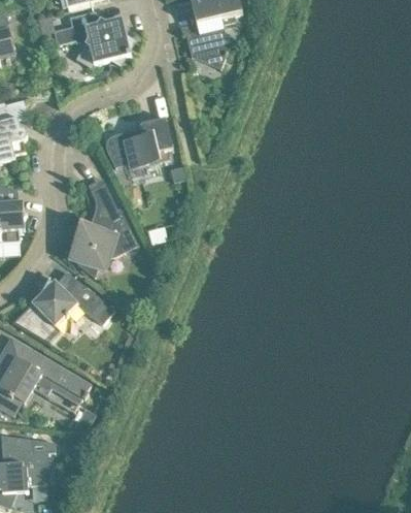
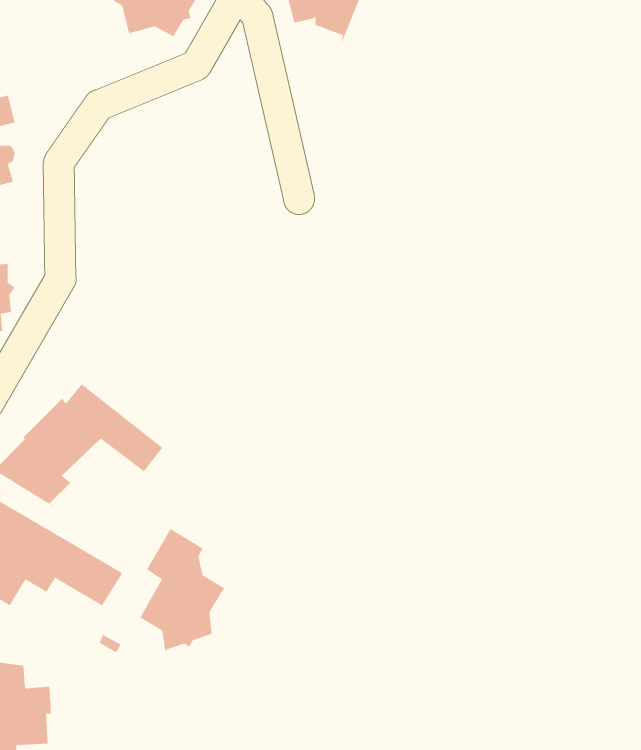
building: [105,118,172,168] -> none
building: [71,183,137,278] -> none
building: none -> [140,528,225,651]

